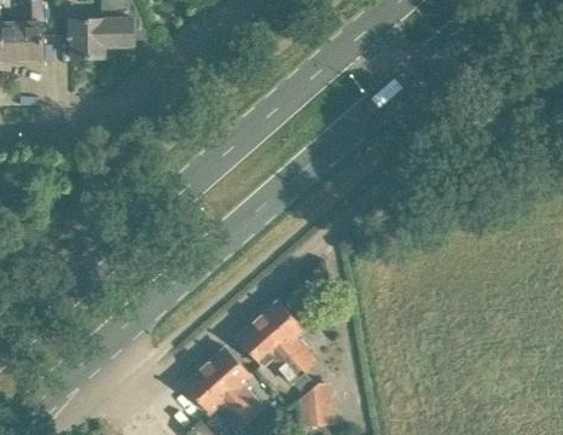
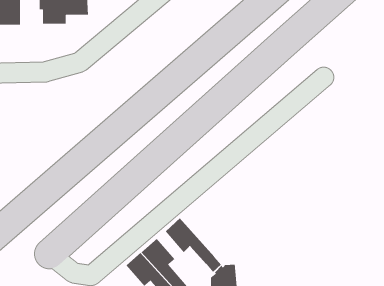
building: [257,300,318,372] -> none

